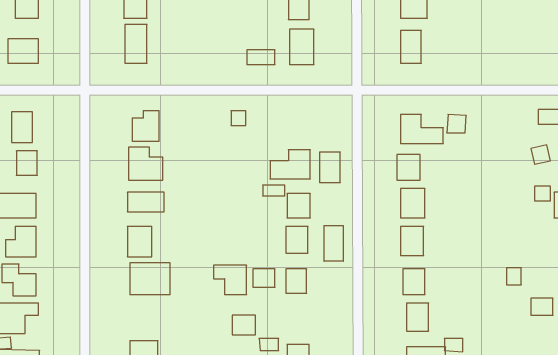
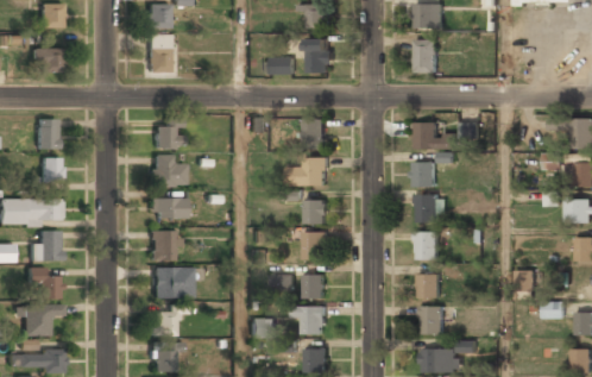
building: [320,152,340,183] -> [306,118,326,147]
building: [324,226,343,261] -> none
building: [214,265,247,295] -> [294,303,326,332]
building: none -> [152,310,177,334]

